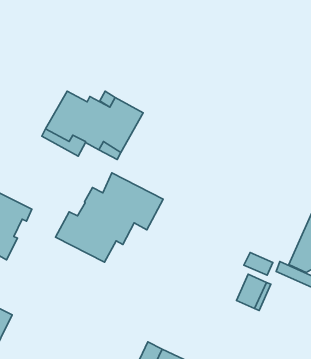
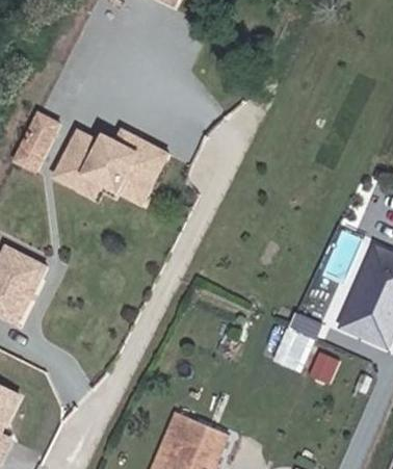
building: none -> [21,109,58,151]
building: [55,173,163,262] -> none

